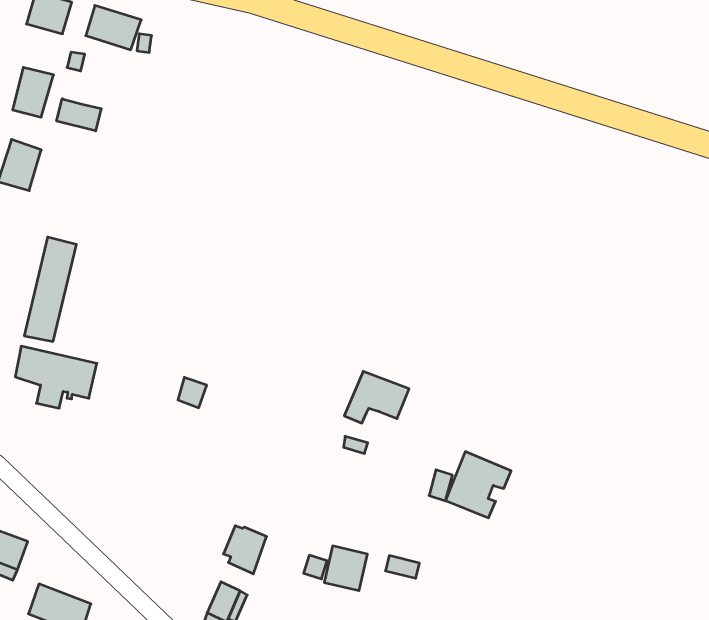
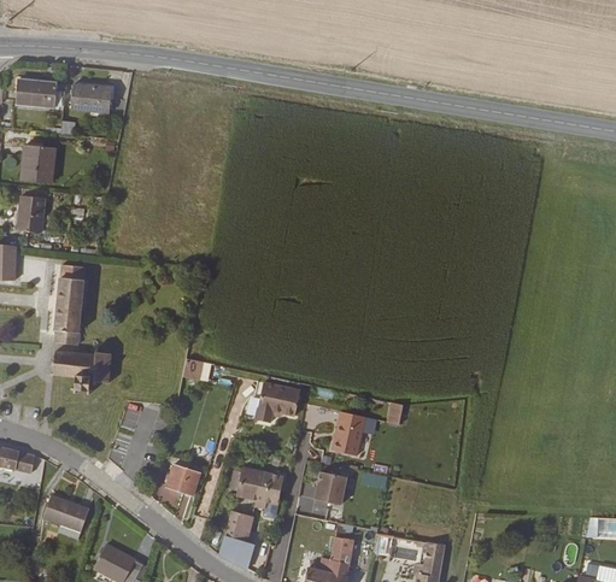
building: [57,99,101,131] -> none
building: [344,371,409,423] -> [254,386,301,425]
building: [446,452,511,518] -> [328,410,375,458]
building: none -> [168,465,199,498]
building: none -> [257,471,283,508]

